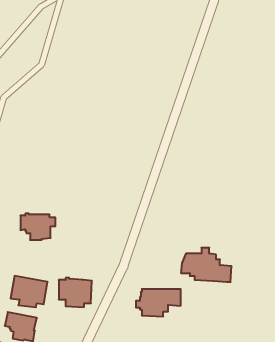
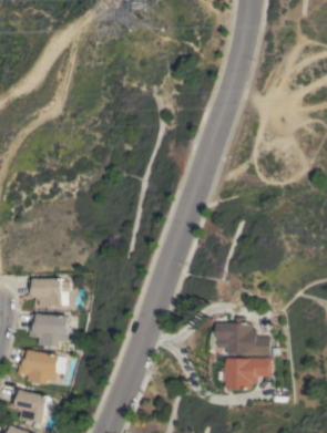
building: [59,278,92,307] -> [30,313,68,347]
building: [136,289,181,316] -> [219,359,270,390]

